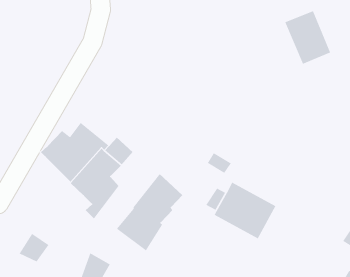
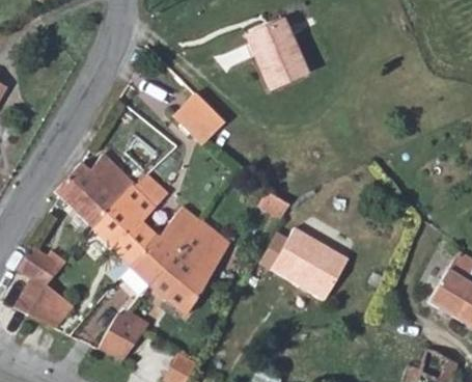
building: [284,10,331,65] -> [252,23,310,90]
building: none -> [174,89,224,143]
building: none -> [119,203,202,295]
building: none -> [11,248,66,316]

